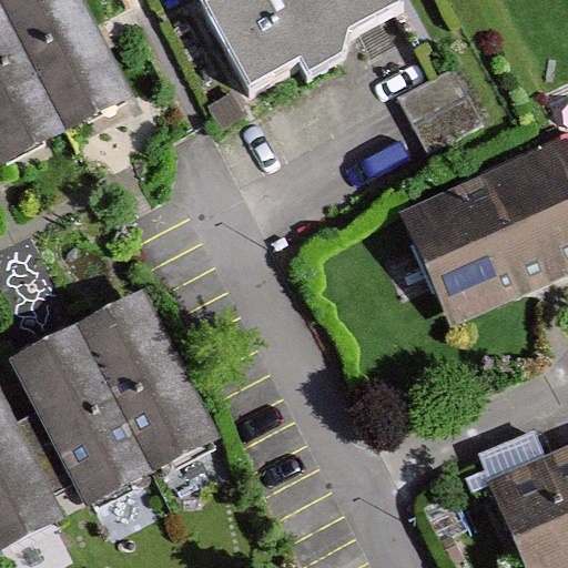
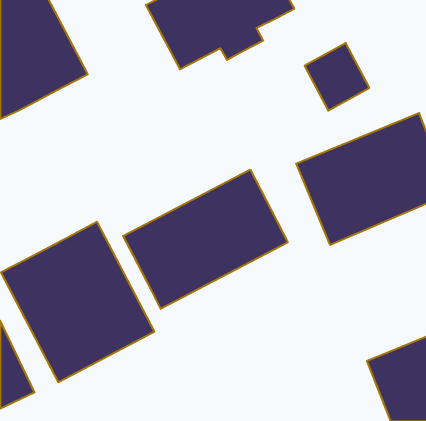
building: none -> [123,170,288,309]

